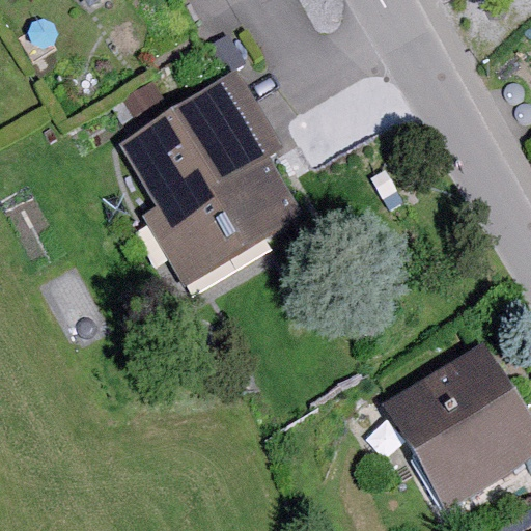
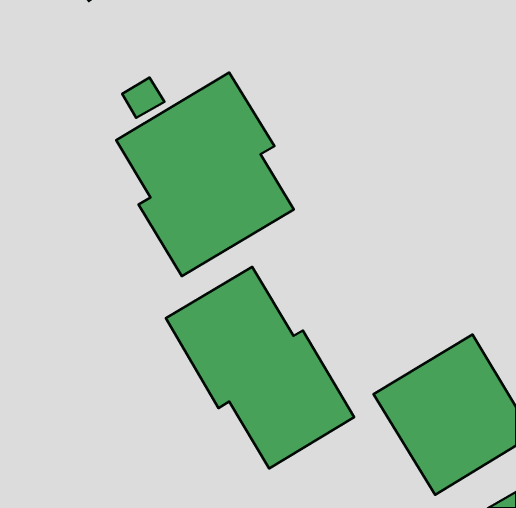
building: none -> [166,267,354,469]

